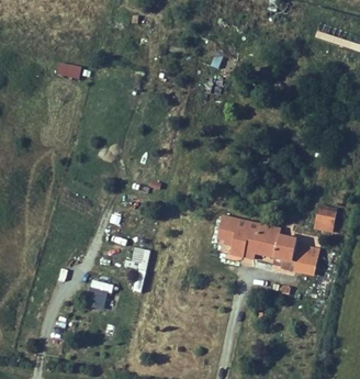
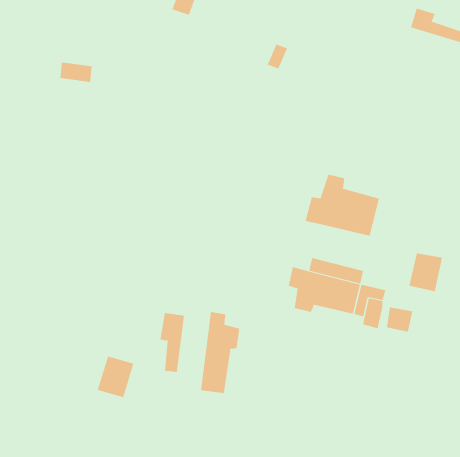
building: none -> [305,174,380,237]
building: none -> [201,311,240,394]

